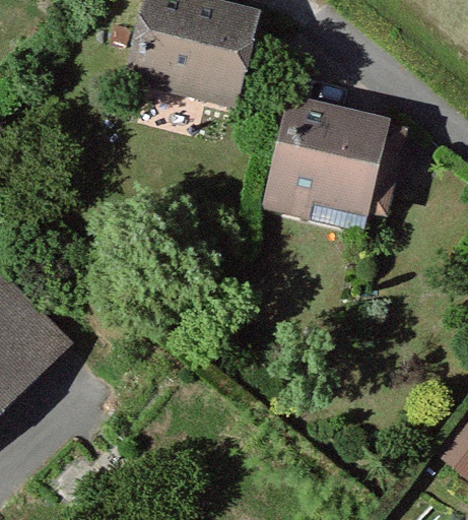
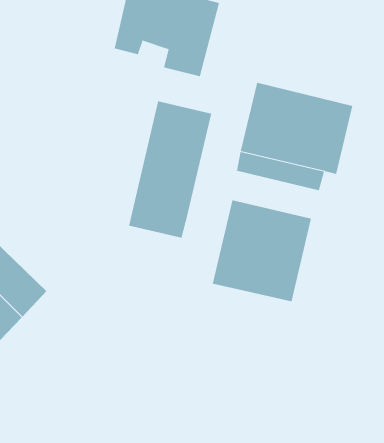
building: none -> [129,100,212,239]
building: none -> [212,199,312,302]

